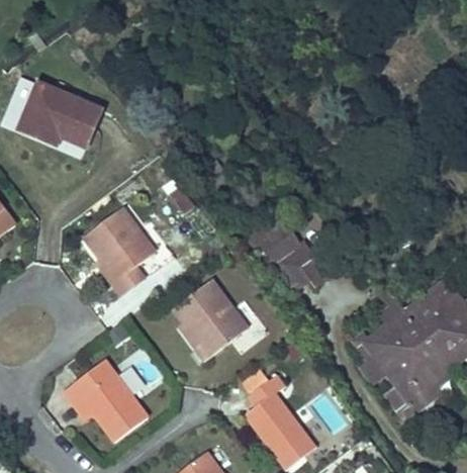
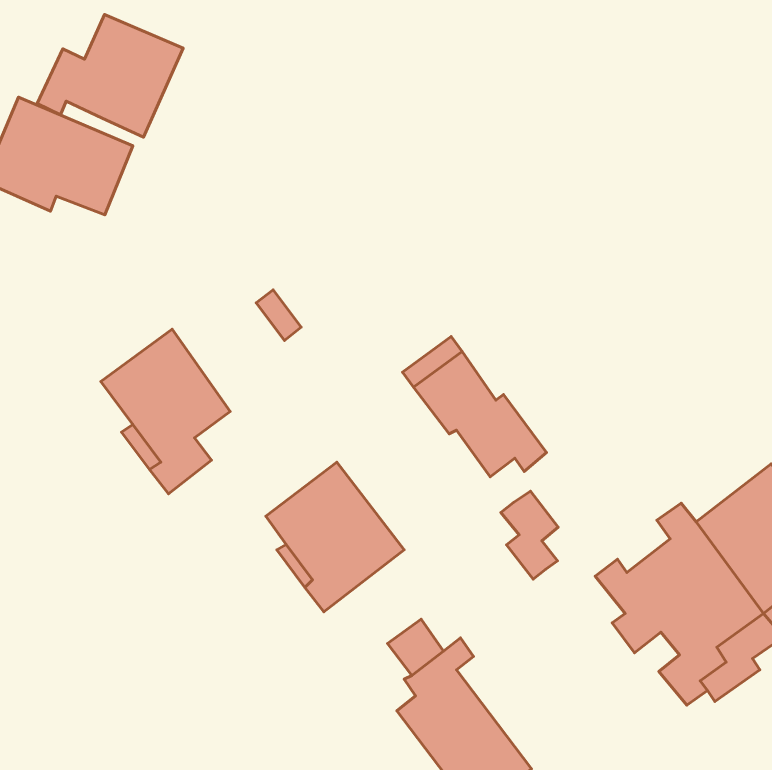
building: none -> [37,15,183,137]
building: none -> [501,491,558,579]
building: [66,359,149,441] -> none

